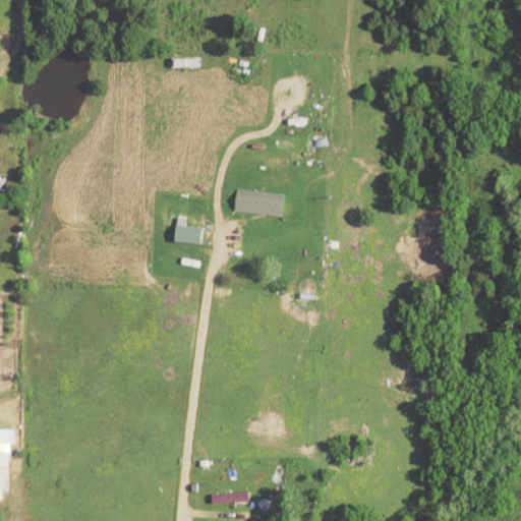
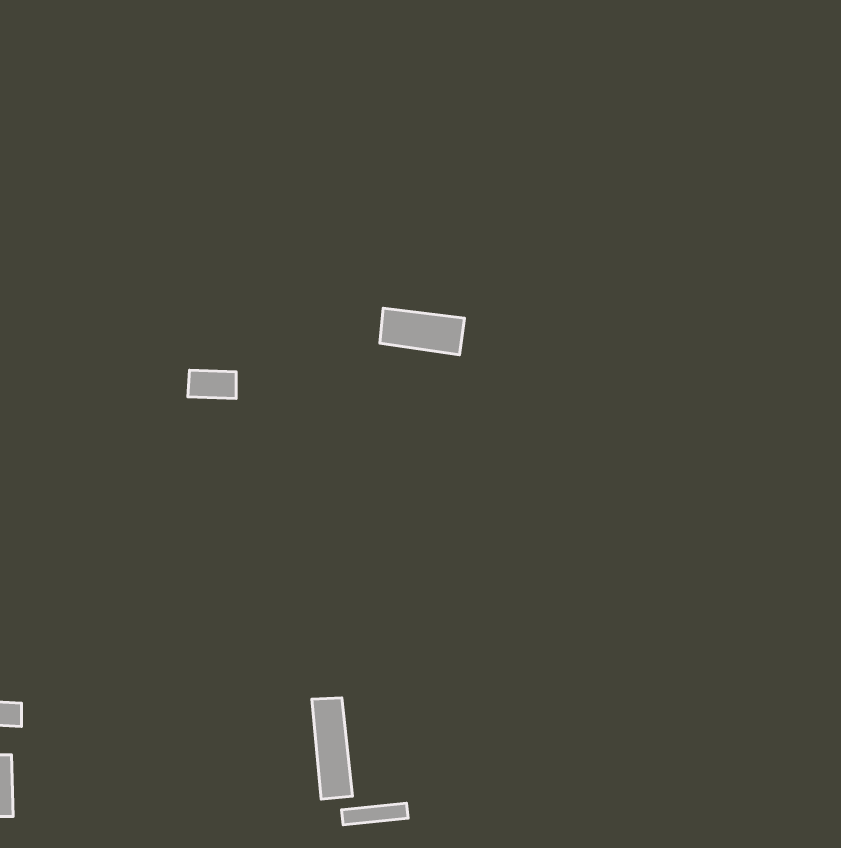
building: [172,225,201,242] -> [188,370,236,399]
building: none -> [312,698,353,799]

